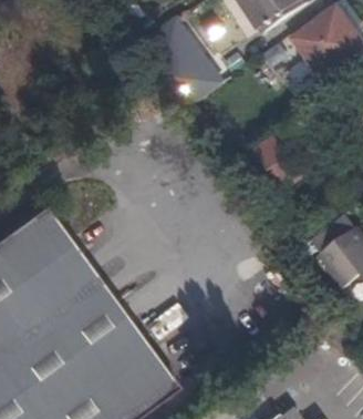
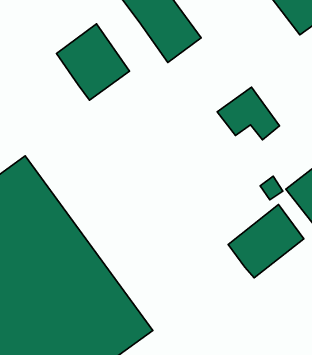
building: none -> [56,24,130,100]
building: none -> [228,204,304,278]

